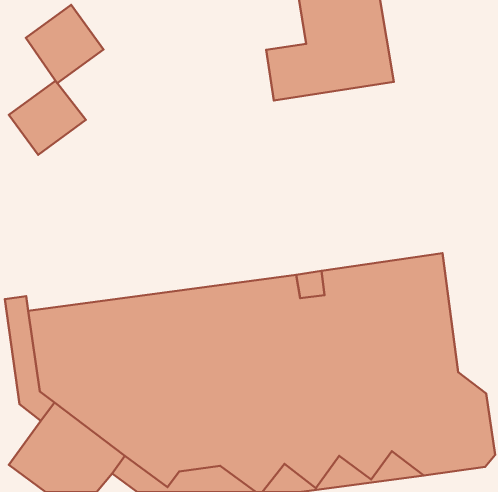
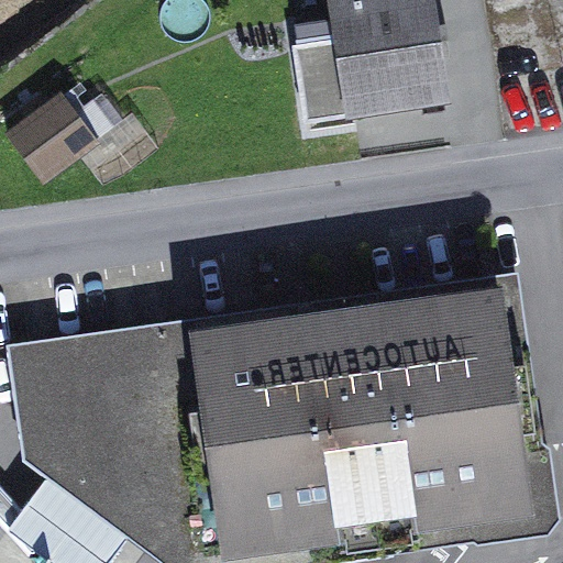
building: [26,5,104,83] -> none

